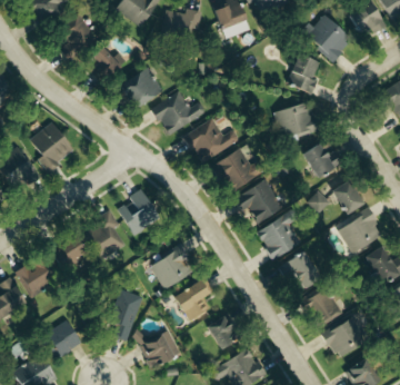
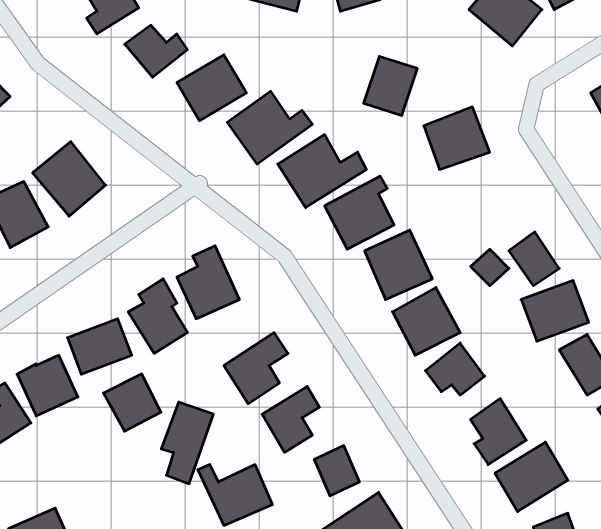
building: [287,55,321,92] -> [364,56,417,115]
building: [302,144,341,178] -> none
building: [43,320,80,357] -> [103,374,161,431]

